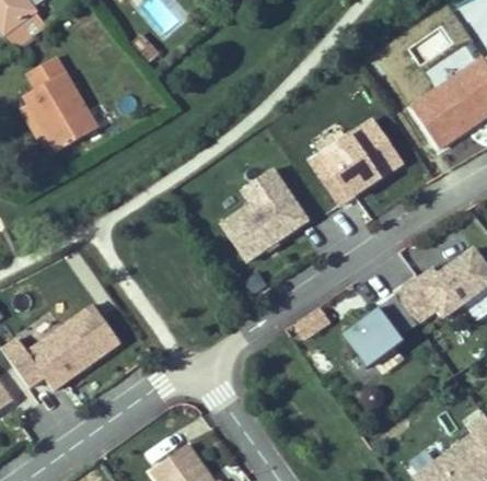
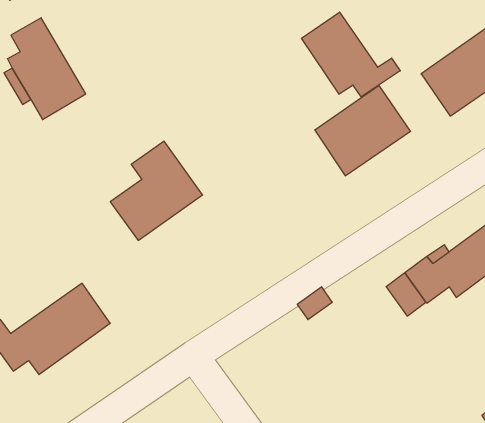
building: none -> [302,12,400,97]
building: [220,167,306,260] -> [110,141,203,240]
building: [343,307,403,367] -> none

